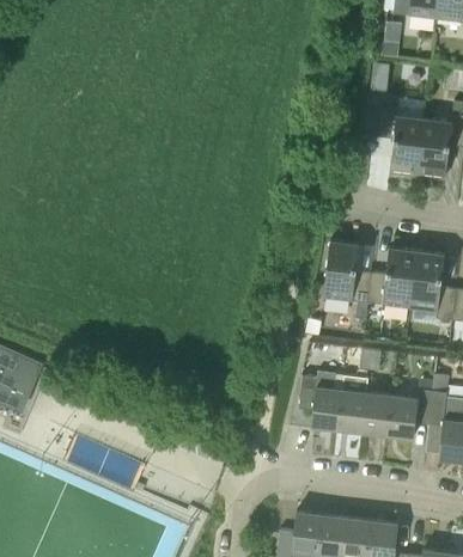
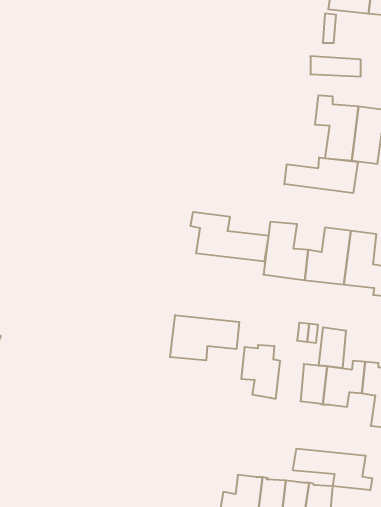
building: none -> [284,157,358,193]
building: none -> [191,212,268,262]
building: none -> [170,315,239,360]
building: [336,391,366,434] -> [318,327,346,368]
building: none -> [293,449,372,490]

